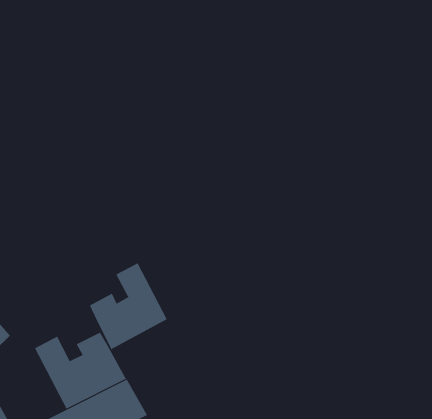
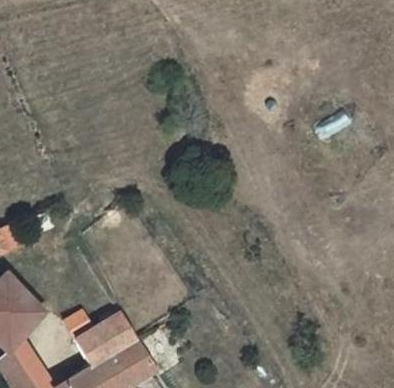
building: [89,263,167,350] -> none

